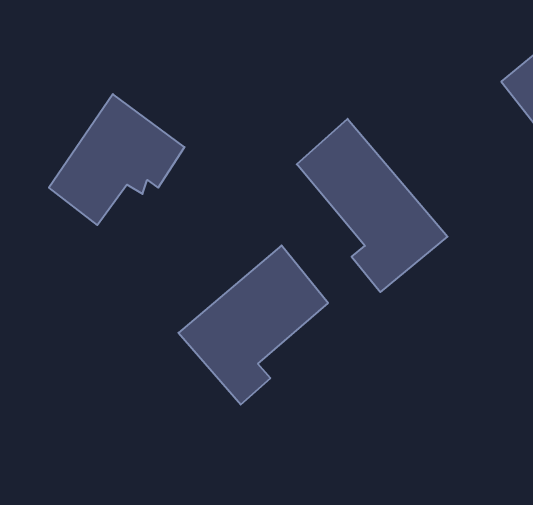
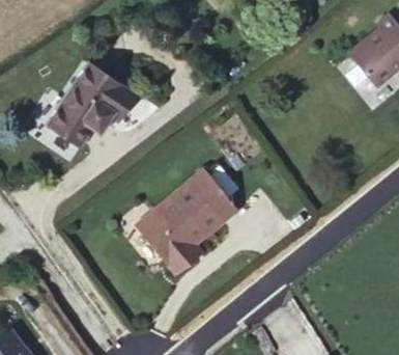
building: [297,119,448,292] -> none

